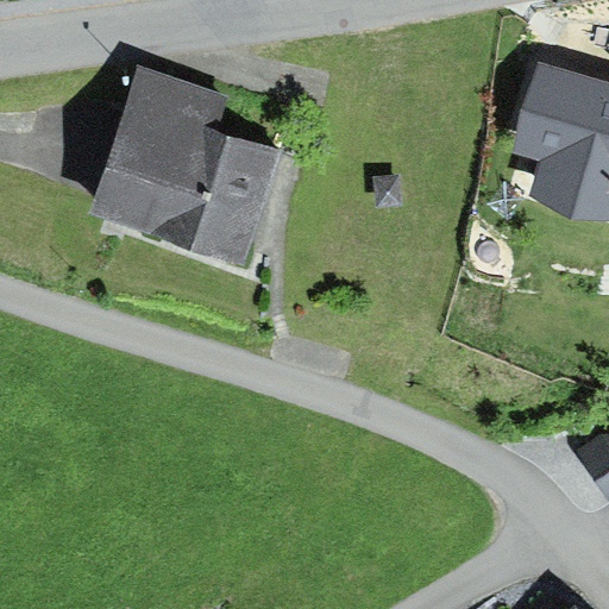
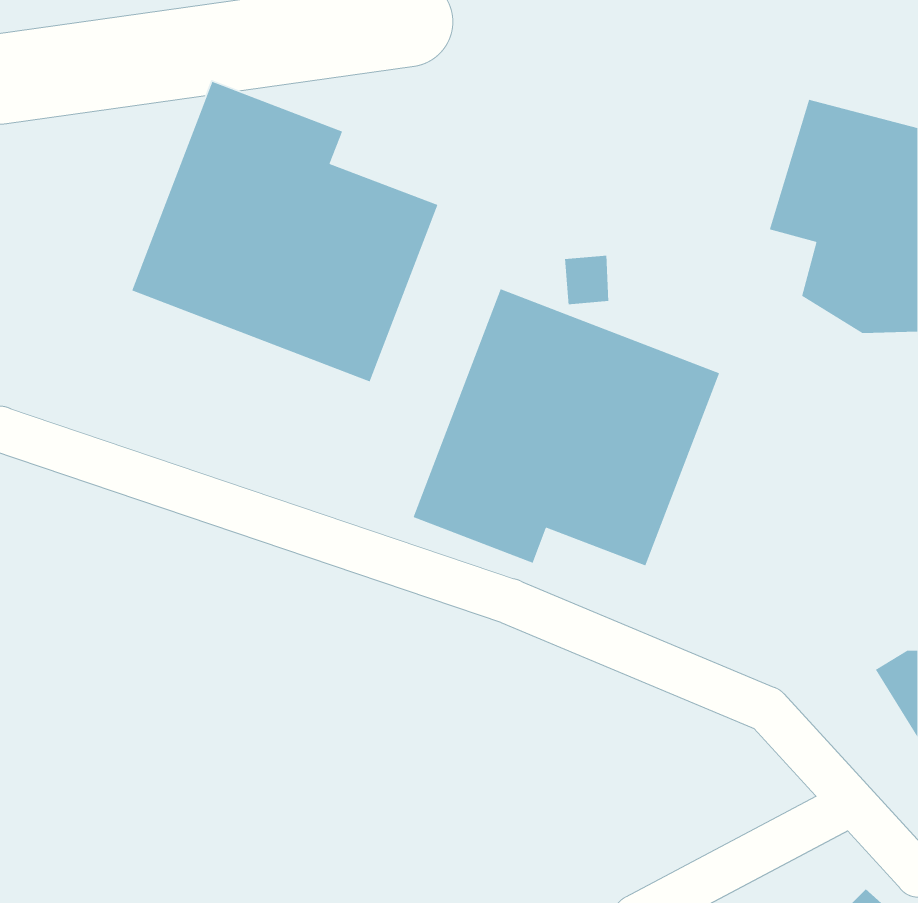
building: none -> [412,288,720,567]

